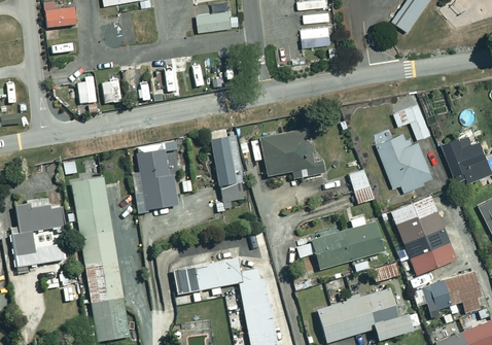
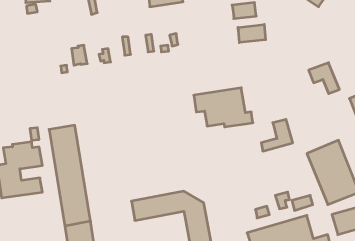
building: none -> [238,24,266,43]
building: [75,76,94,104] -> none
building: [209,130,244,203] -> none
building: [377,132,437,192] -> none
building: [131,142,181,214] -> none
building: [296,215,386,270] -> none

